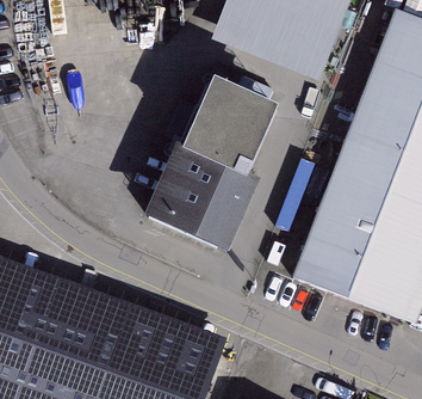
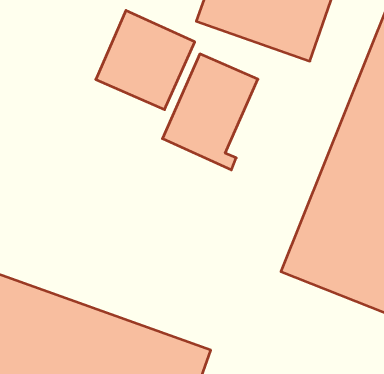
building: [147,143,244,241] -> [96,10,195,110]

